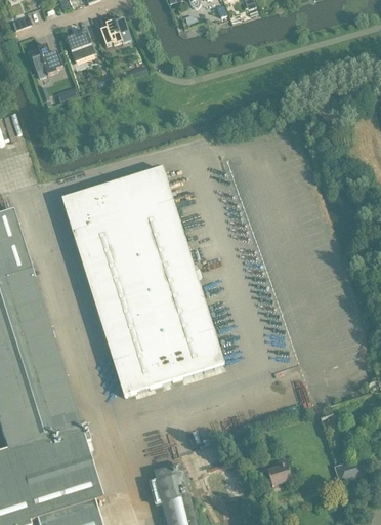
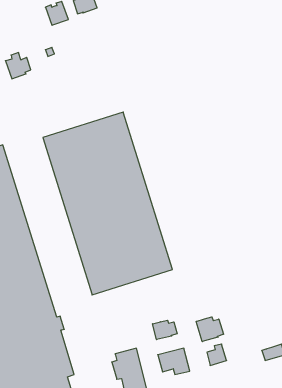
building: [31,43,62,76] -> [5,53,31,79]
building: none -> [196,317,224,342]
building: none -> [153,320,177,340]

